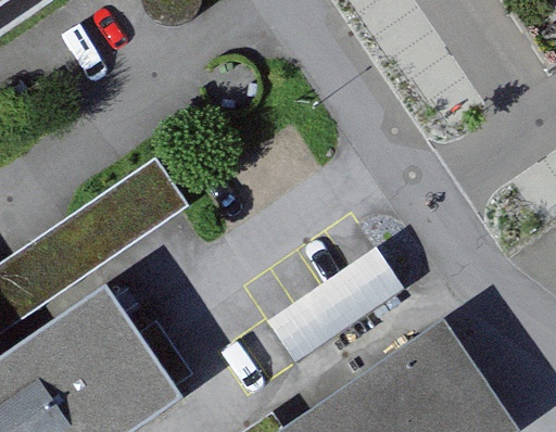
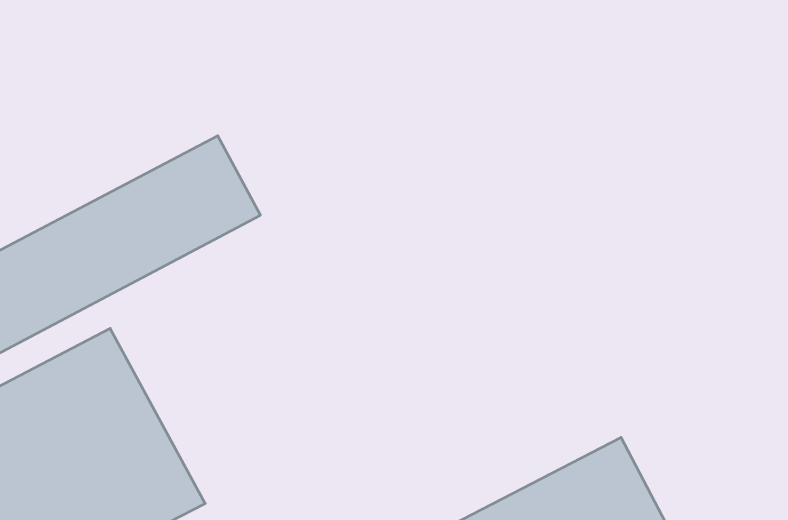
building: [276,240,416,359] -> none

